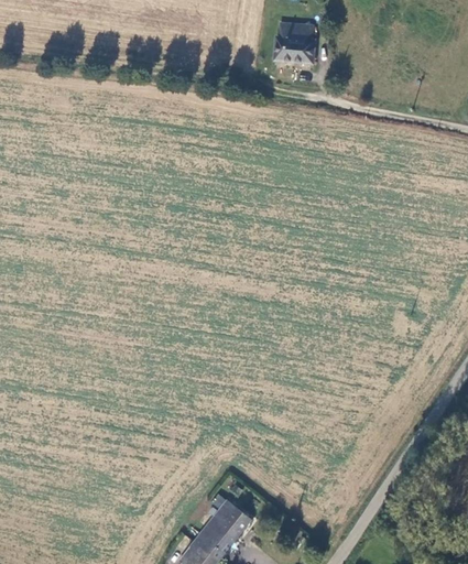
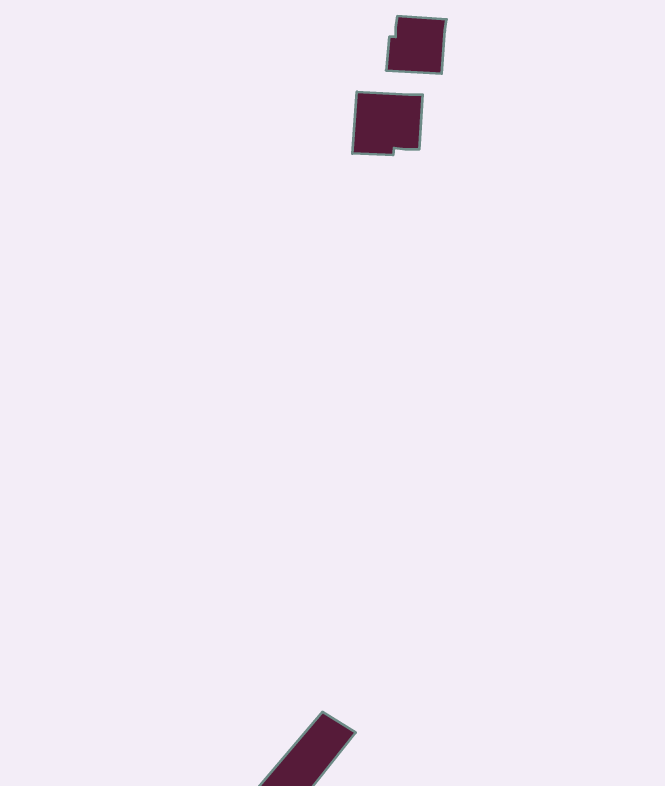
building: none -> [352,92,423,155]

